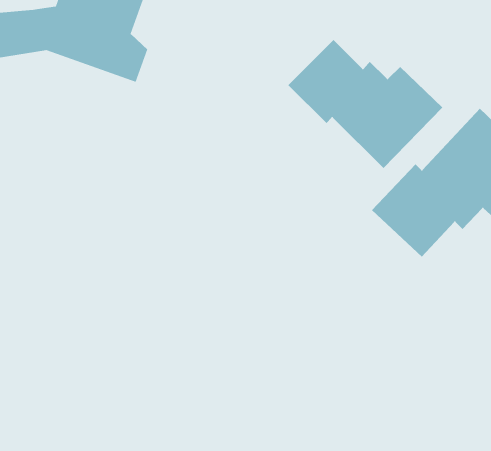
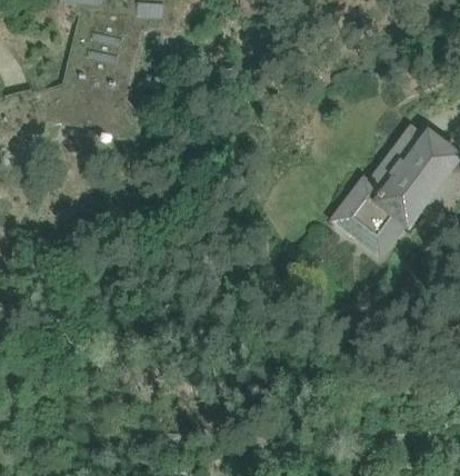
building: [288,39,443,169] -> none

